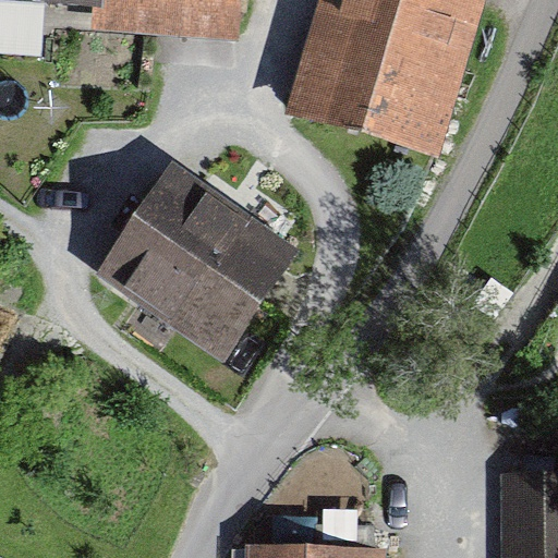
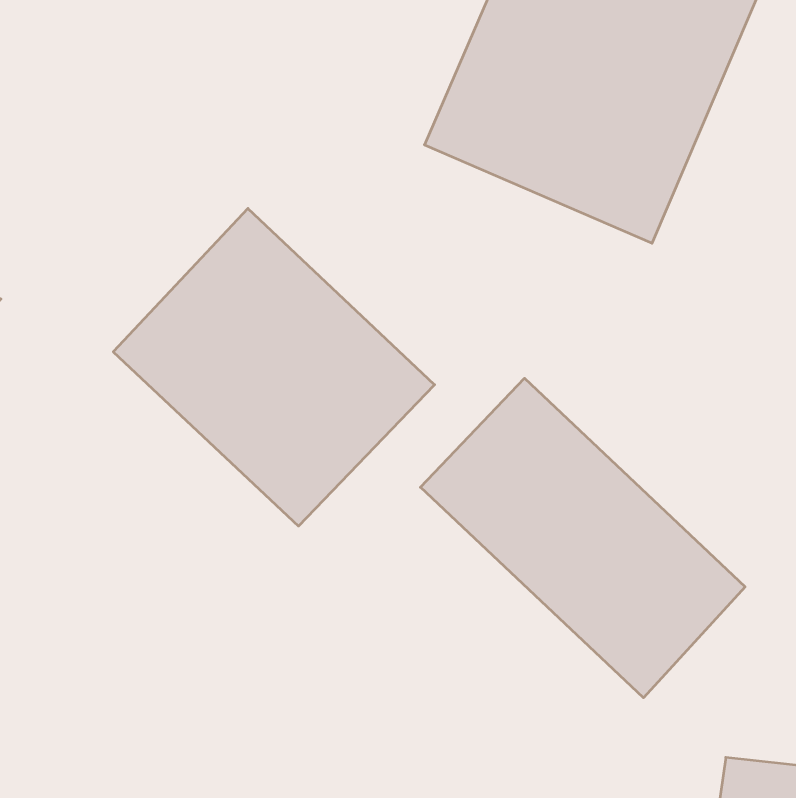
building: none -> [420,378,745,698]

